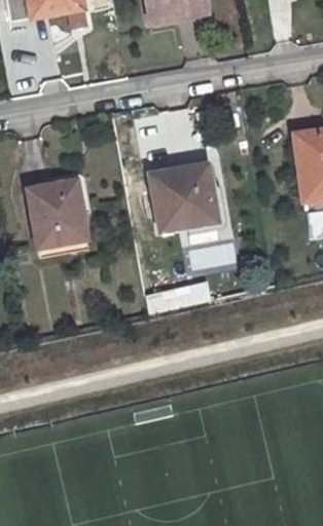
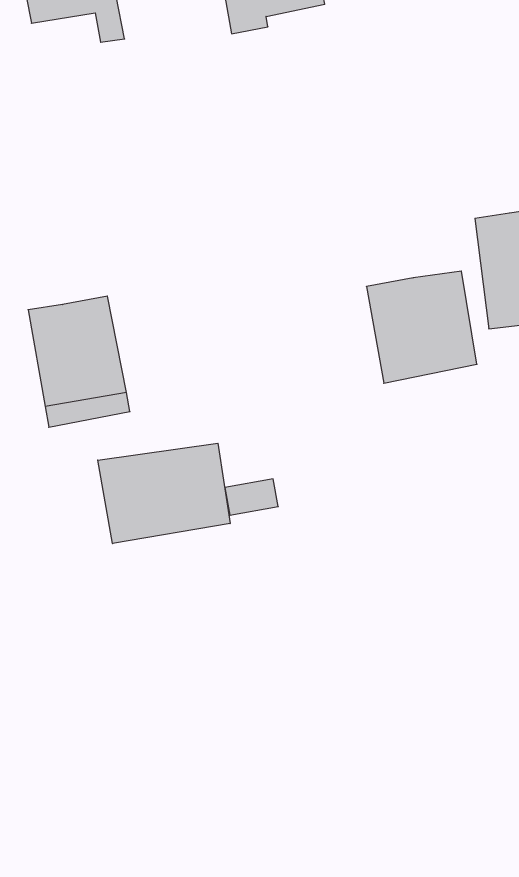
building: [149,163,215,230] -> [366,271,477,383]
building: none -> [98,443,230,544]

